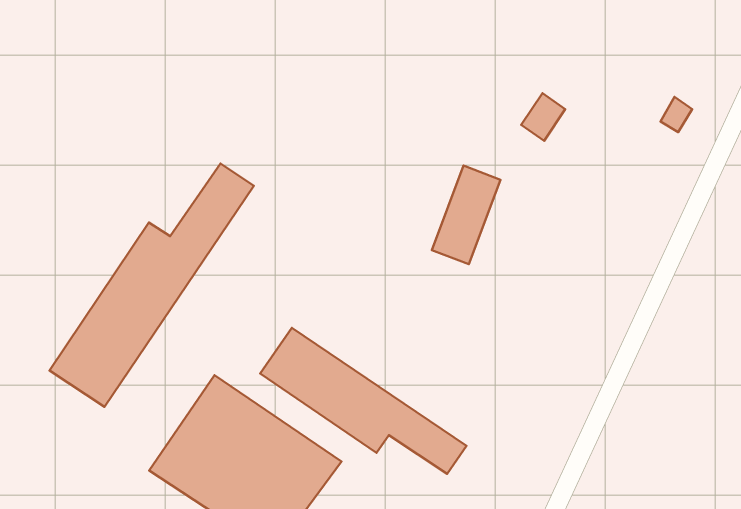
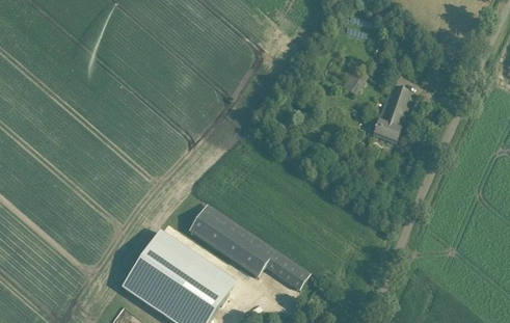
building: [50,163,254,407] -> none
building: [432,166,500,264] -> [373,84,413,142]

